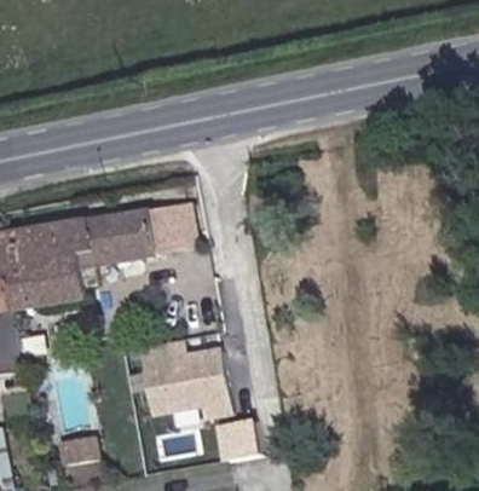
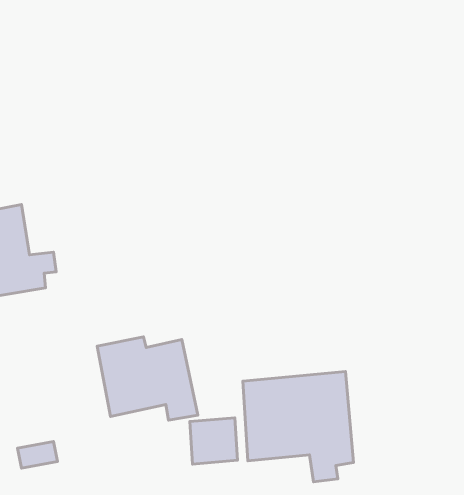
building: [64,207,178,267] -> none
building: none -> [243,371,354,482]

